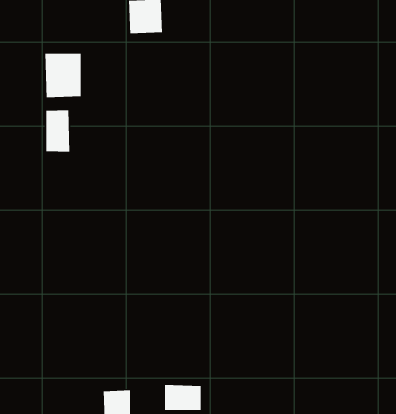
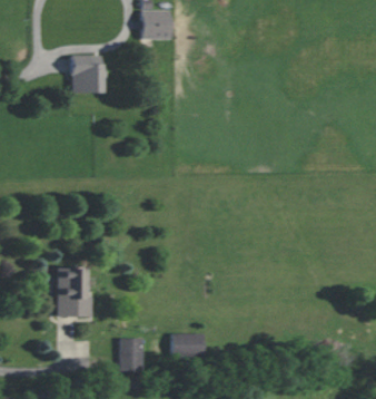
building: [45,109,70,153] -> none
building: none -> [57,267,90,318]

